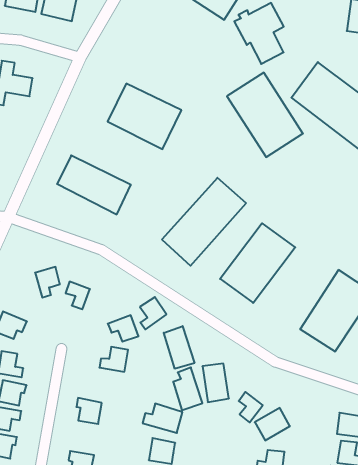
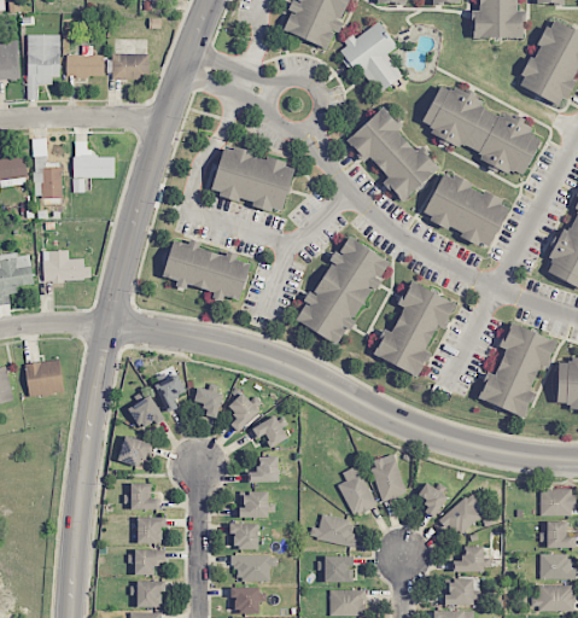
building: none -> [424,173,509,246]
building: none -> [128,395,164,431]
building: [140,297,166,329] -> [227,392,259,432]
building: [164,326,194,369] -> none
building: none -> [239,492,268,518]
building: none -> [230,555,276,579]

